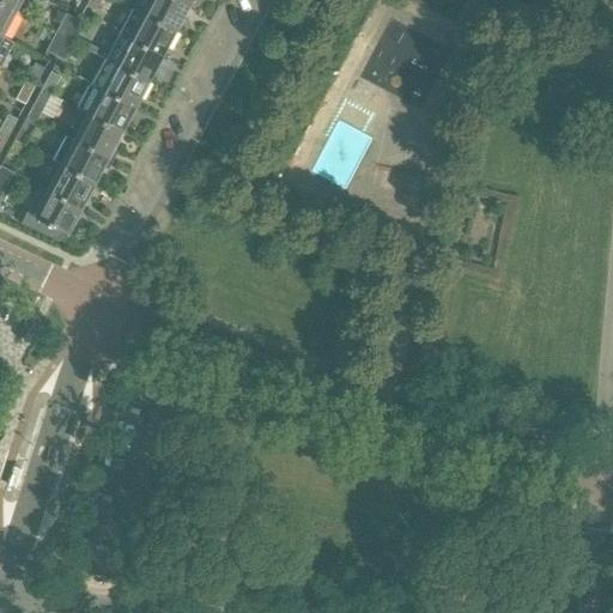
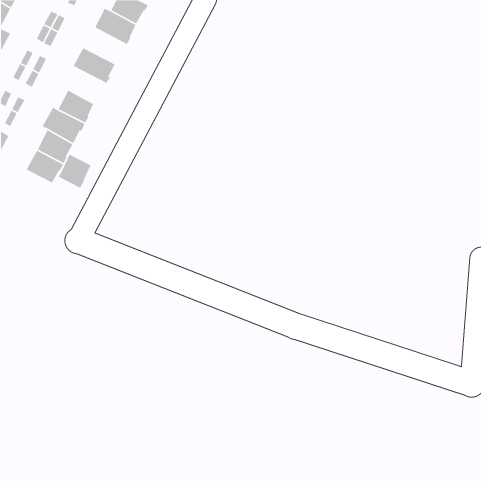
building: [105,35,162,81] -> none
building: [74,83,135,132] -> none
building: none -> [58,153,92,189]

